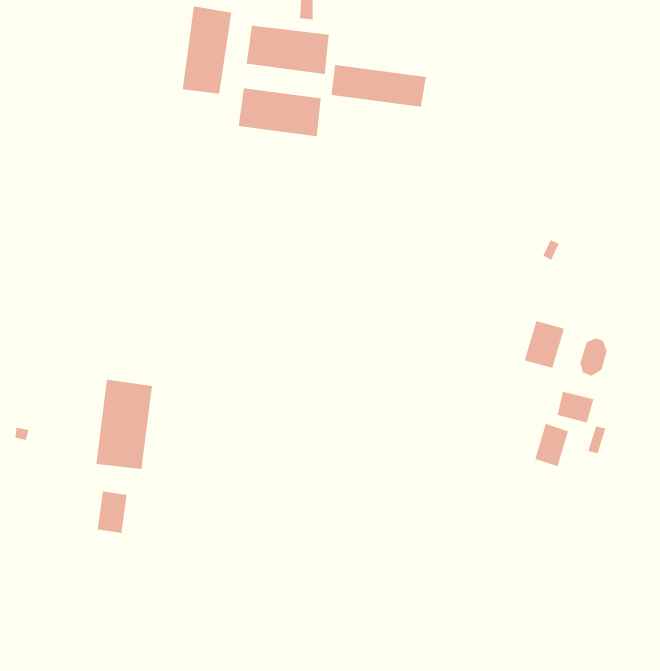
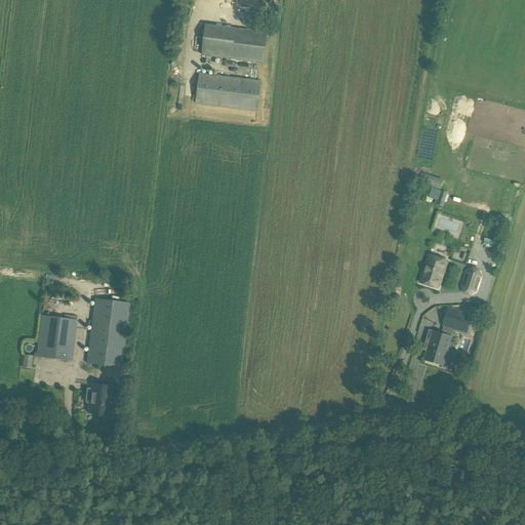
building: [182,6,232,95] -> none
building: [331,64,426,107] -> none
building: none -> [37,315,76,360]

